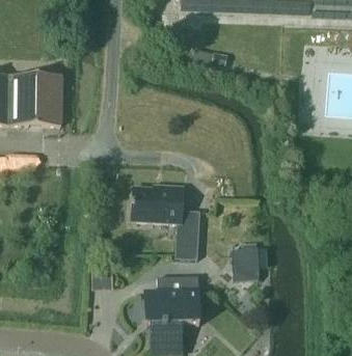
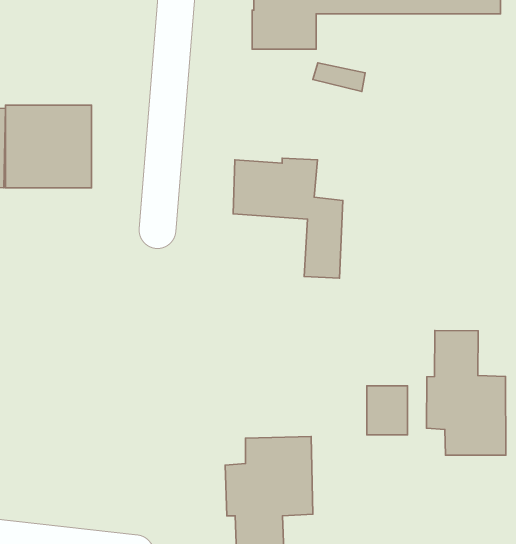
building: [131,186,198,259] -> [233,158,343,278]
building: none -> [426,330,506,455]

